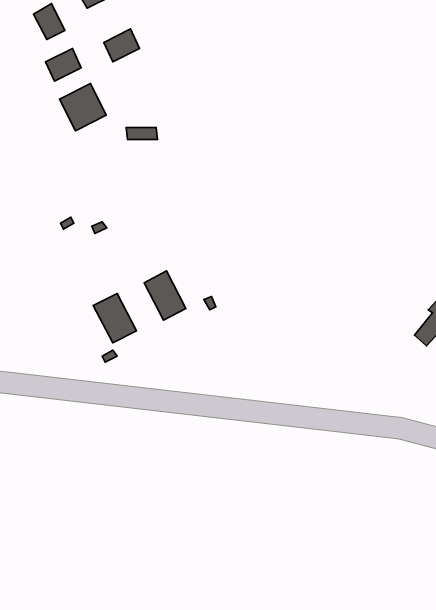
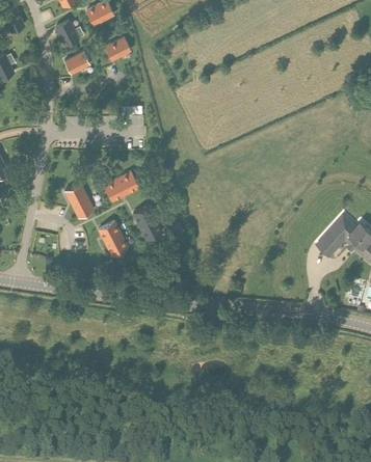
building: [60,83,106,131] -> none
building: none -> [104,171,138,201]
building: none -> [64,183,94,217]

